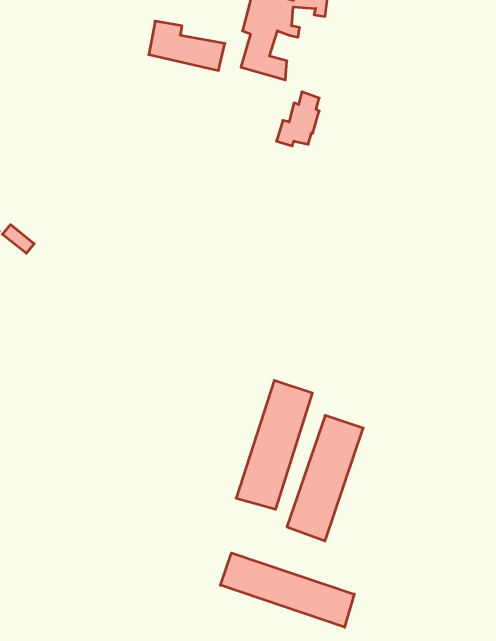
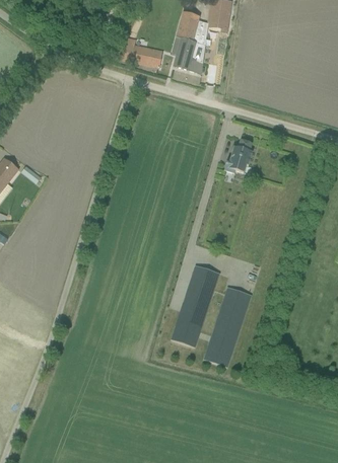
building: [276,92,319,146] -> [223,140,251,174]
building: [220,553,354,627] -> none

